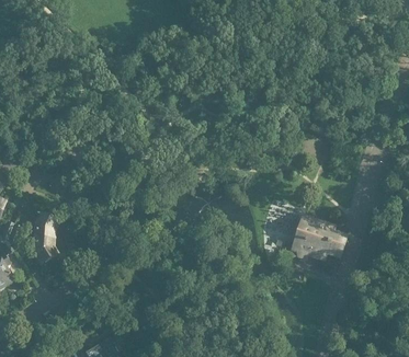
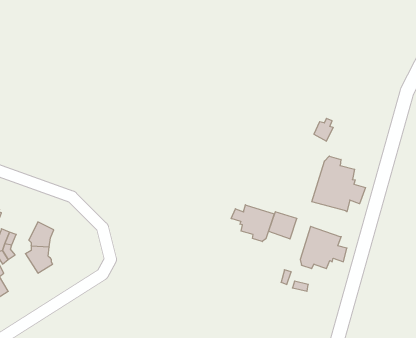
building: none -> [312,156,366,212]
building: none -> [231,205,274,242]

